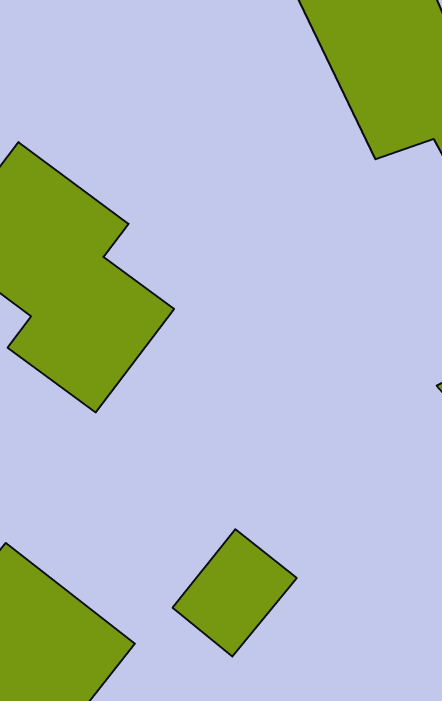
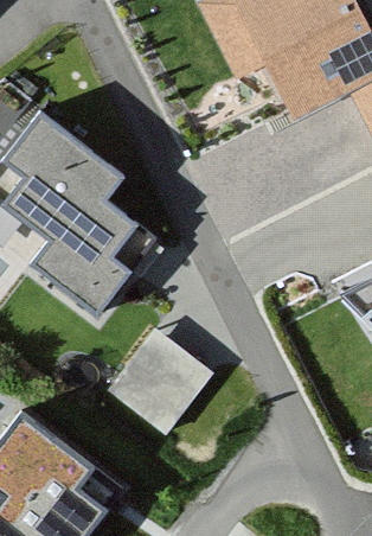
building: [173,529,297,657] -> [107,325,200,421]

